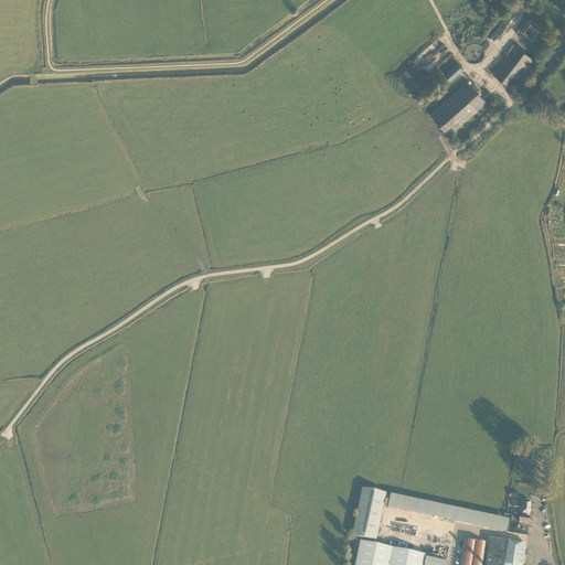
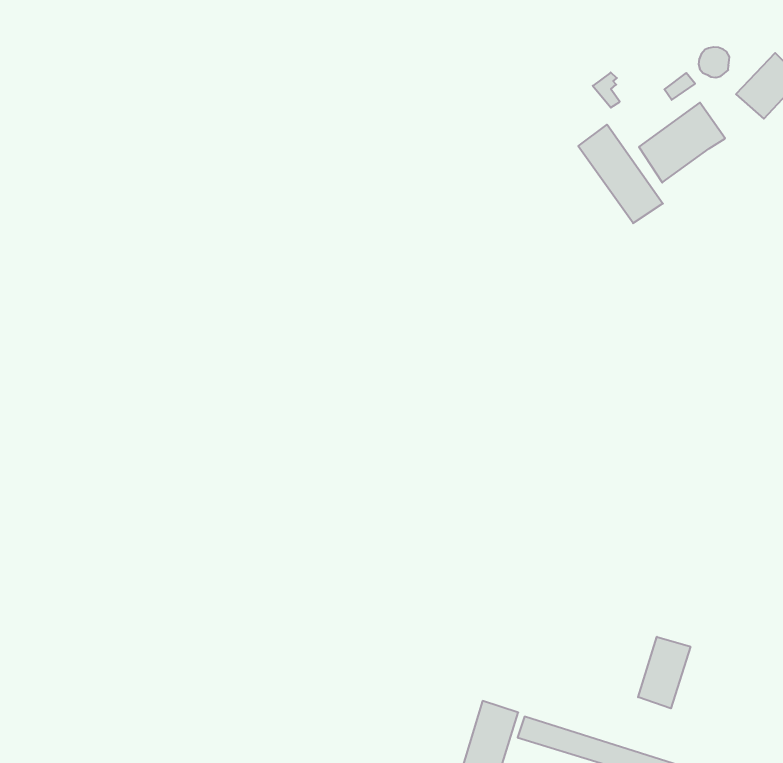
building: none -> [578,125,663,223]
building: none -> [638,637,690,708]

